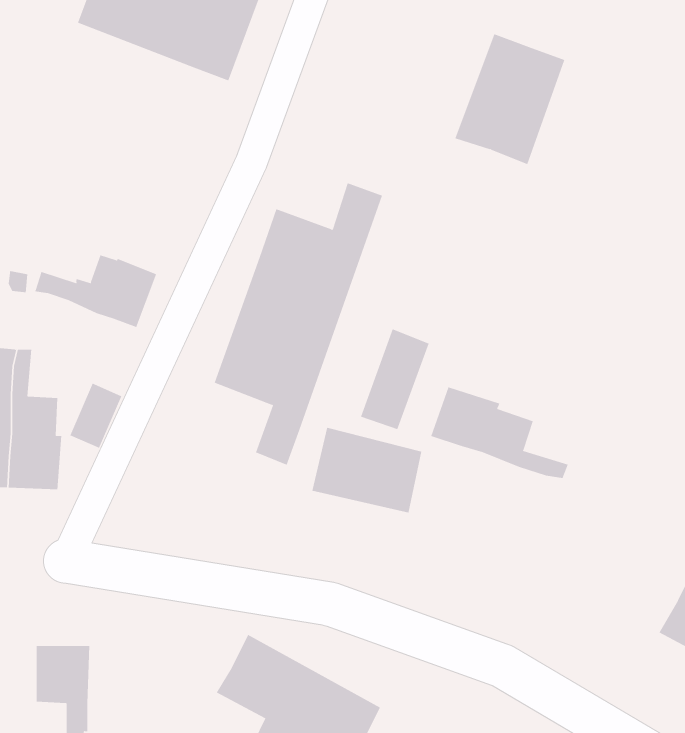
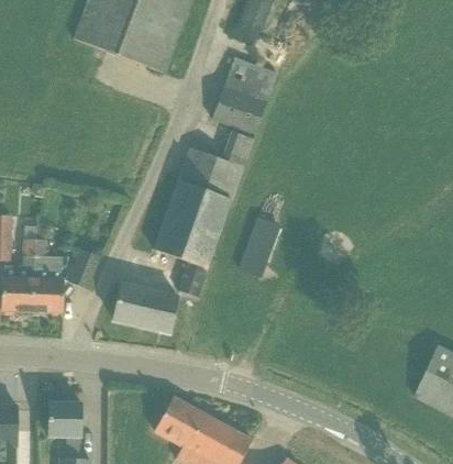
building: [455,34,565,165] -> [211,57,276,134]
building: [34,254,157,328] -> none
building: [431,387,569,479] -> none
building: [312,427,422,513] -> [112,281,177,332]

